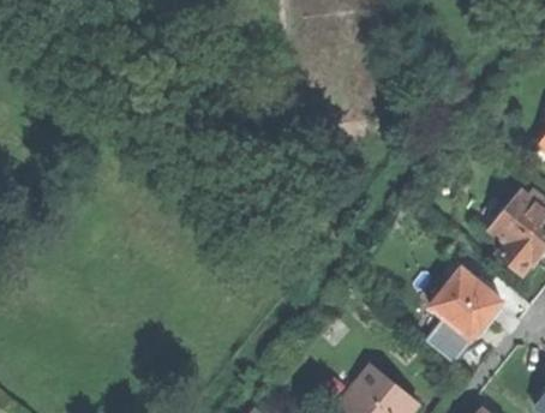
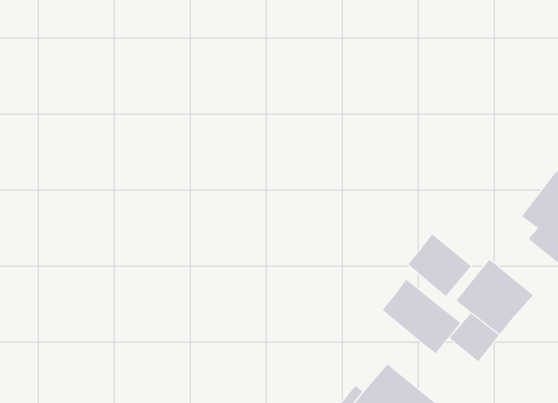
building: none -> [407,234,472,297]
building: none -> [382,279,461,354]

